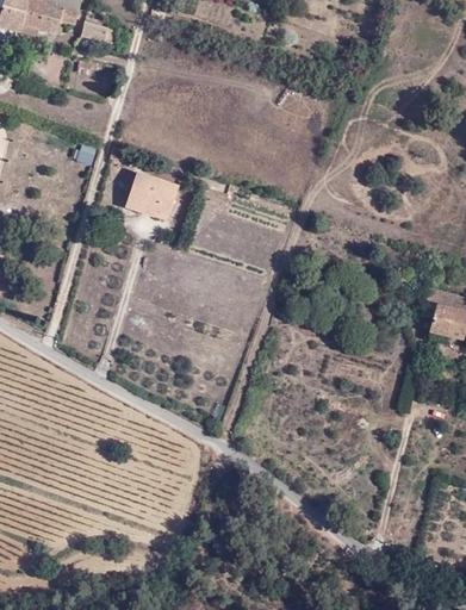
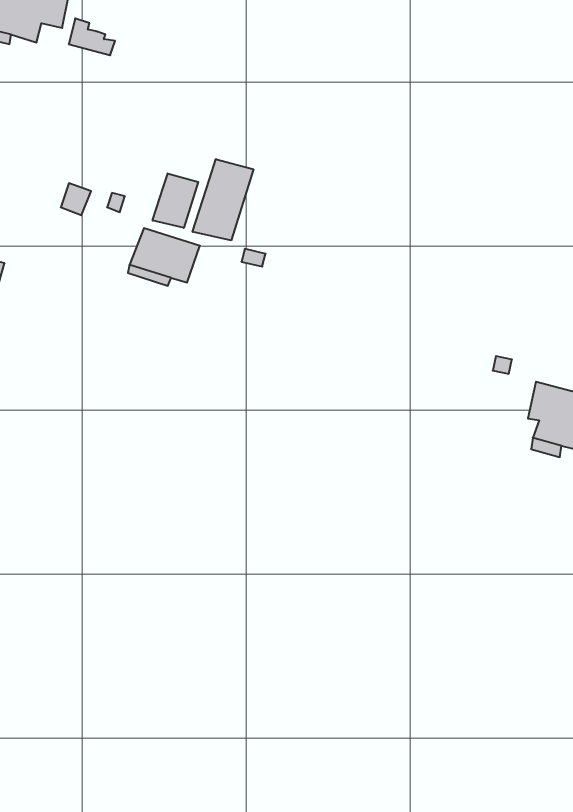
building: none -> [193,159,253,240]
building: none -> [153,173,198,228]

